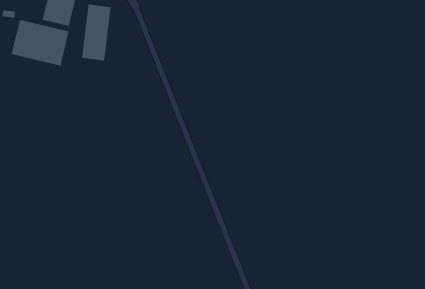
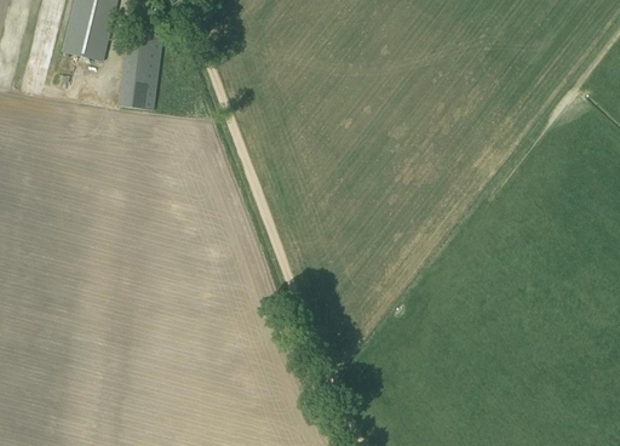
building: [11,19,69,67] -> none

